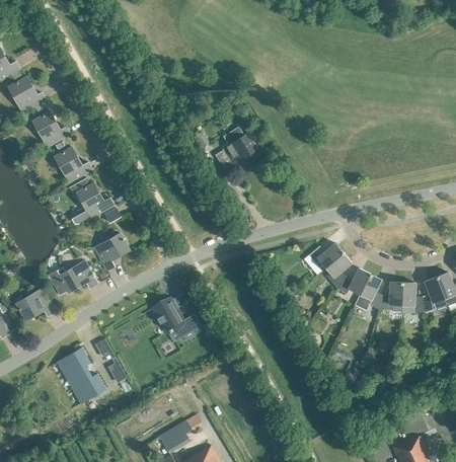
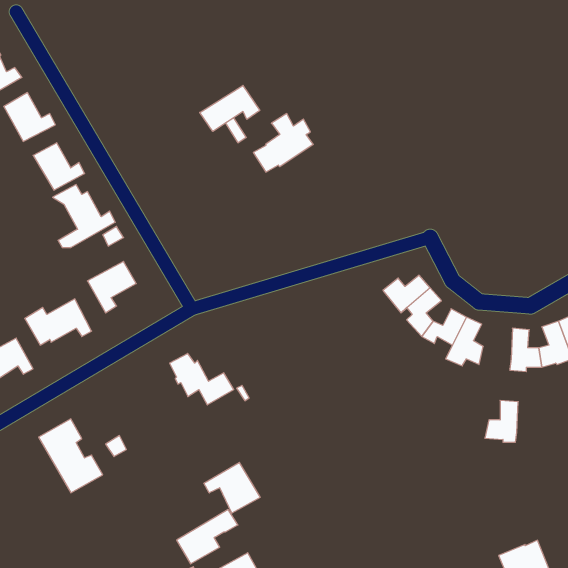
building: none -> [200,85,260,131]
building: [378,281,402,311] -> [485,400,518,442]
building: none -> [204,462,260,513]

